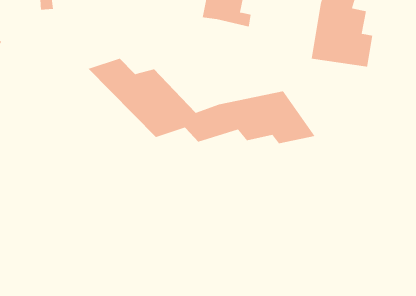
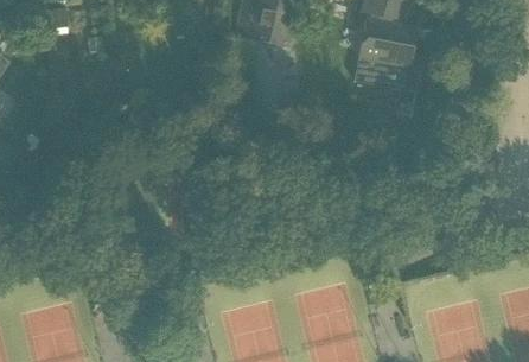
building: [87,58,315,144] -> none

